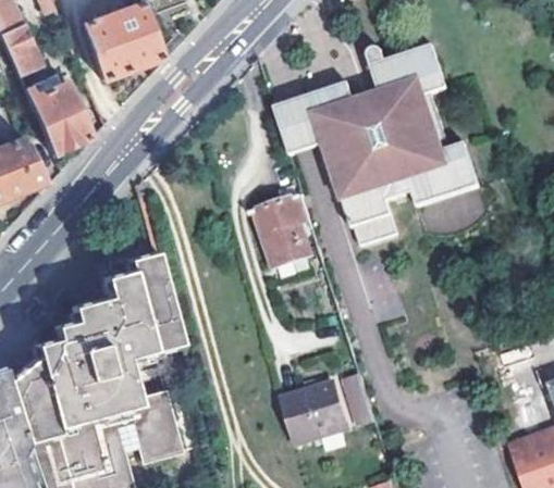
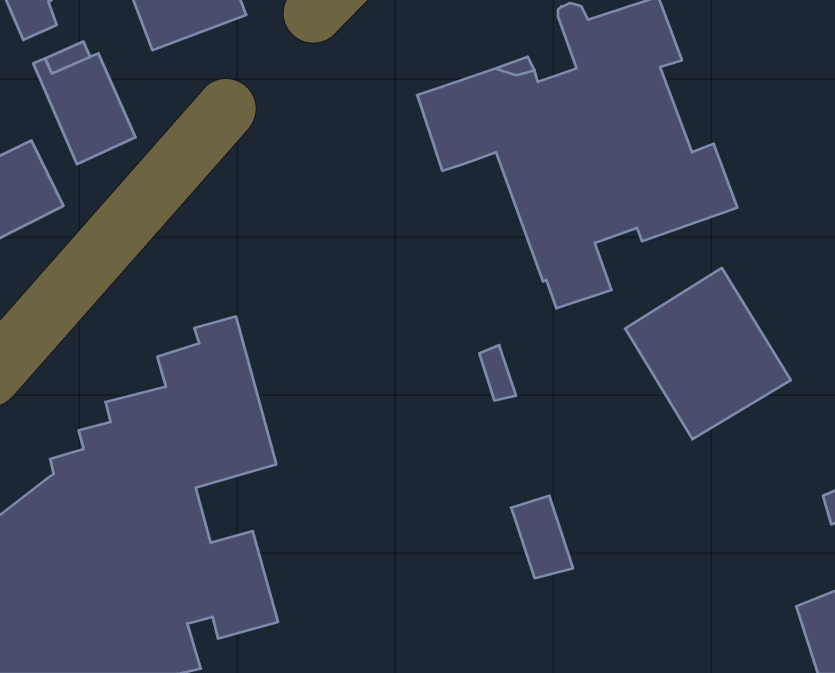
building: [250,183,315,275] -> none
building: none -> [625,268,791,439]
building: [283,377,350,441] -> none

